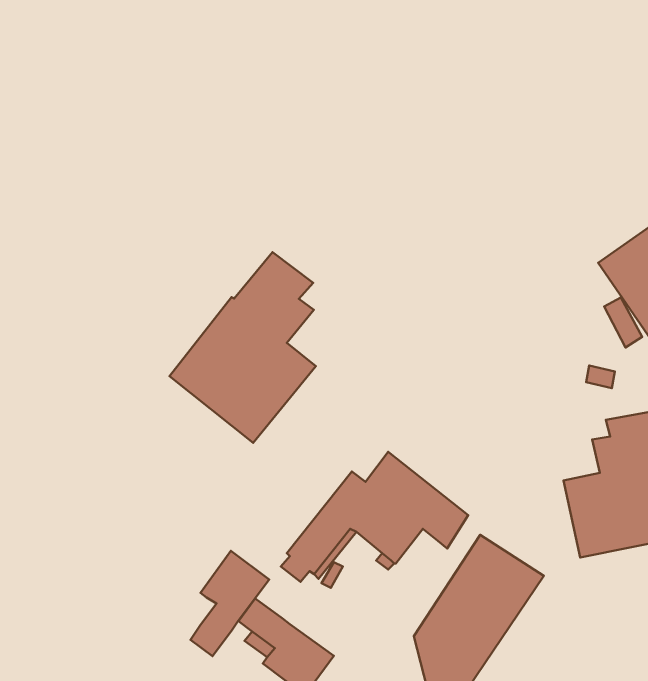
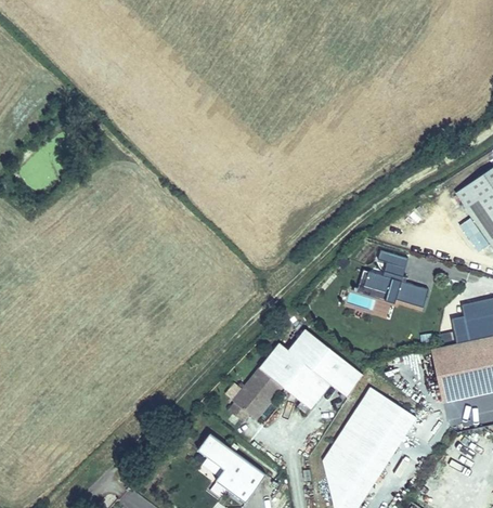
building: [170,252,316,443] -> none
building: none -> [359,248,429,310]
building: [190,551,269,656] -> none

